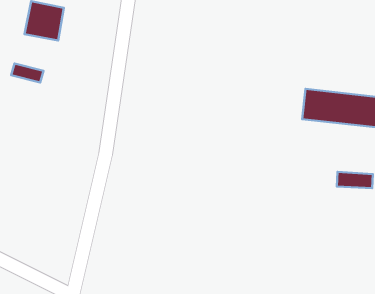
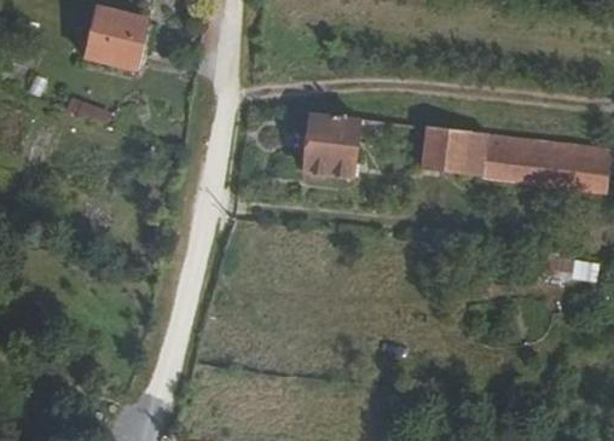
building: none -> [306,112,359,176]
building: none -> [423,127,490,179]

